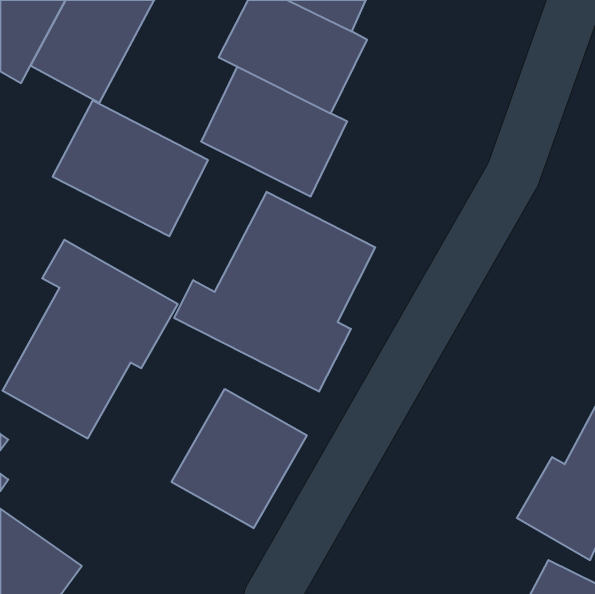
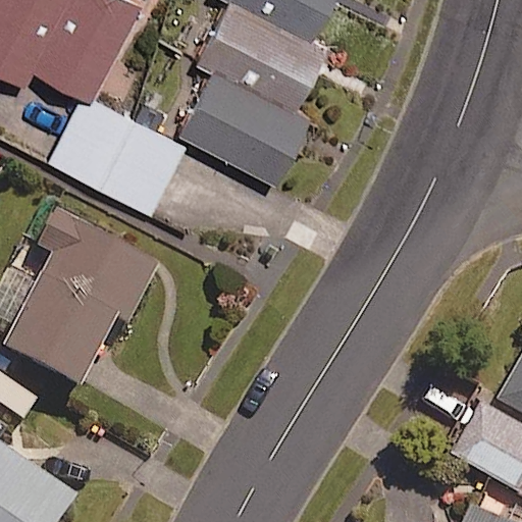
building: [174,192,375,392] -> none
building: [172,389,307,528] -> none

